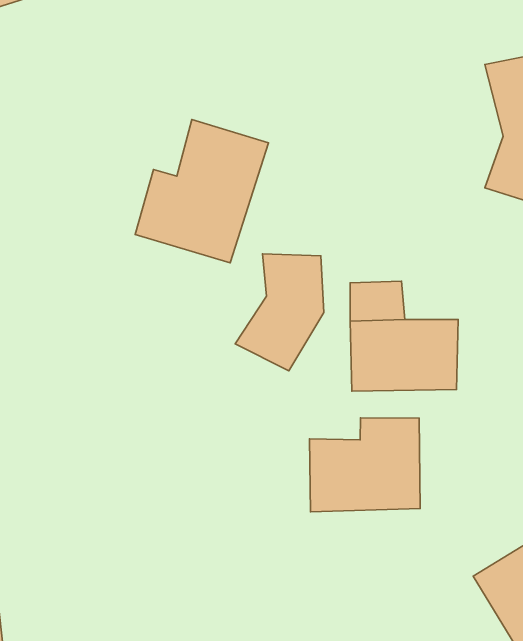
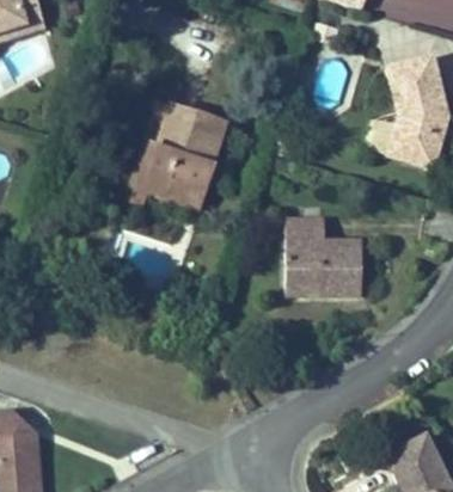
building: [235,254,324,371] -> none
building: [309,418,420,512] -> none

